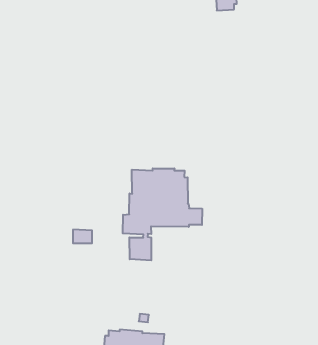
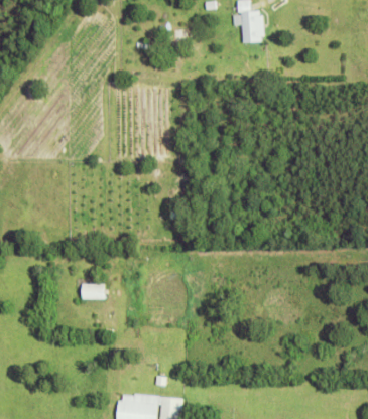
building: [123,168,202,260] -> none

